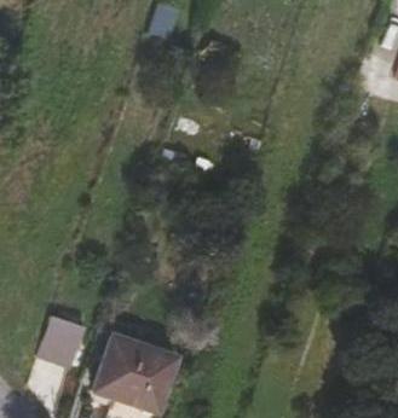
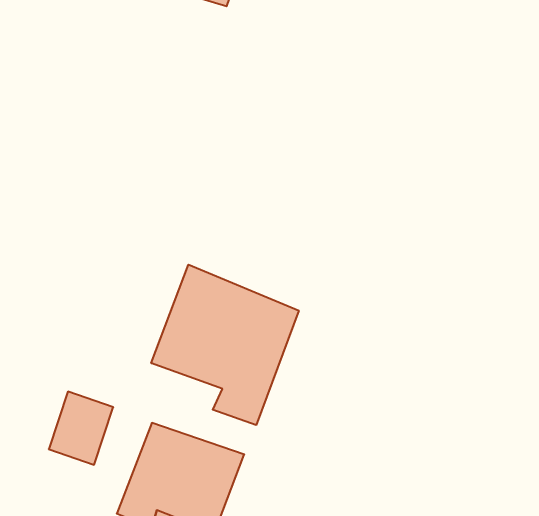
building: none -> [151,265,299,425]

